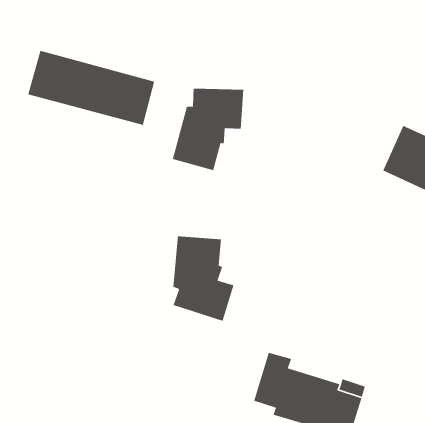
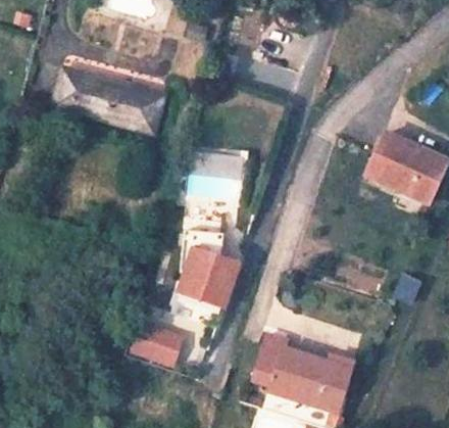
building: [172,88,244,171] -> none
building: none -> [131,323,185,366]

